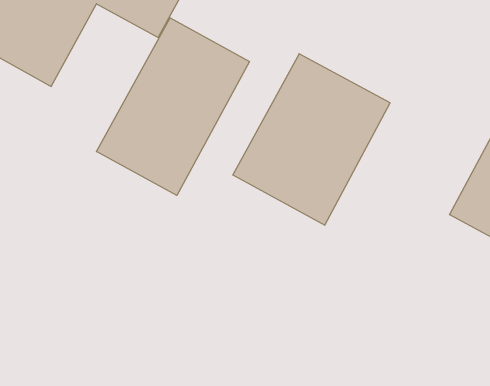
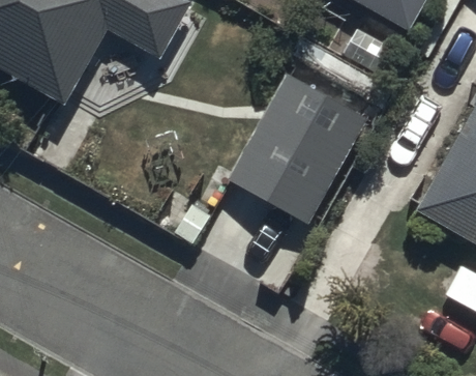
building: [96,18,249,195] -> none

